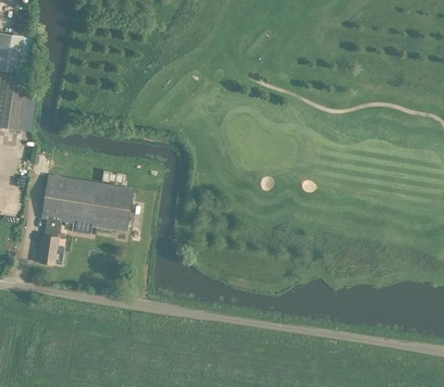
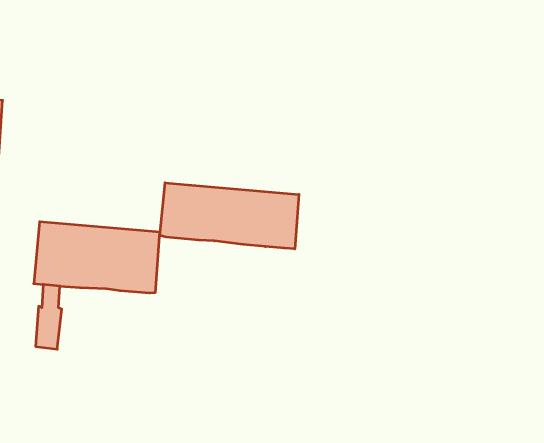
building: none -> [160,183,299,249]

